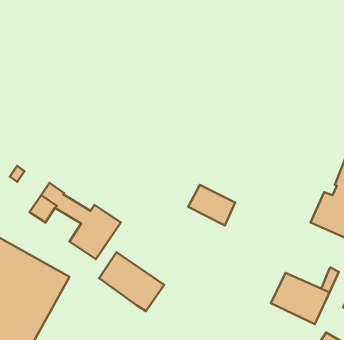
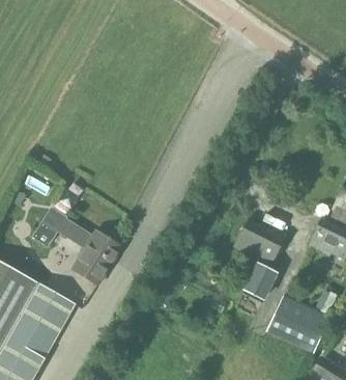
building: [188,185,235,226] -> [235,225,282,266]
building: none -> [244,264,277,299]
building: [99,252,164,311] -> none

